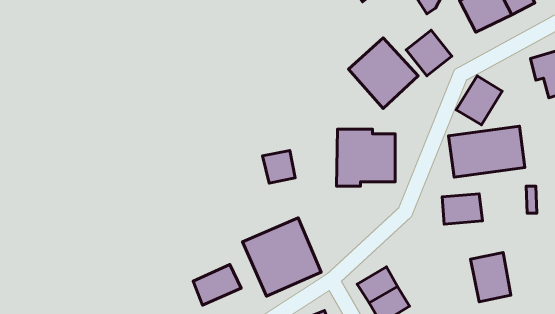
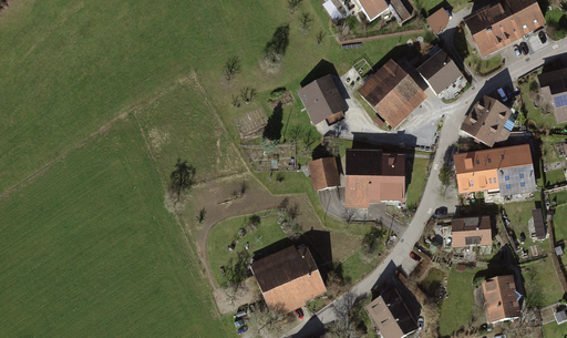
building: none -> [296,72,348,124]
building: [263,150,295,183] -> [307,156,340,190]
building: [193,265,241,305] -> none

